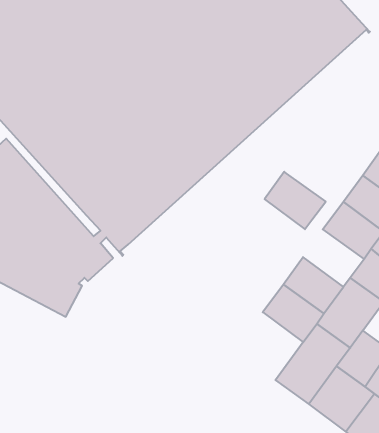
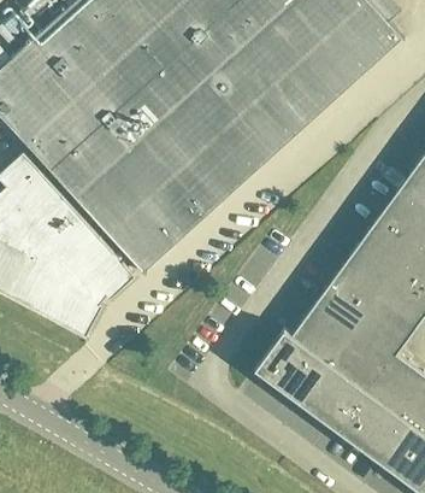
building: [265,172,326,229] -> [335,248,399,309]
building: none -> [255,329,335,406]

